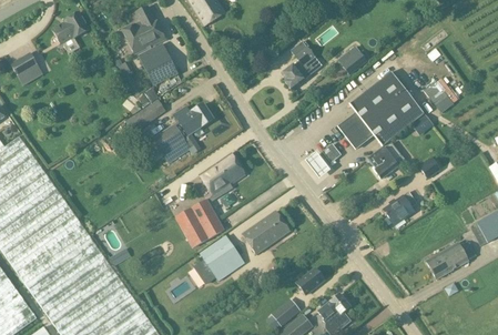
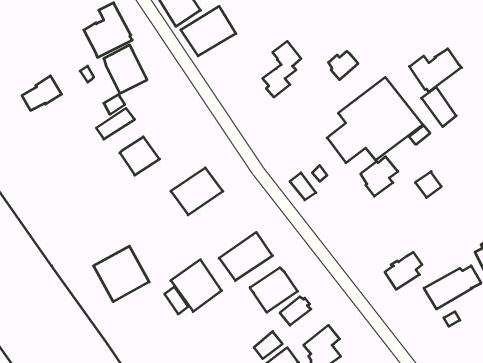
building: none -> [181,6,236,56]
building: [52,12,88,43] -> [22,76,62,110]
building: none -> [409,49,462,92]
building: [172,104,212,135] -> none
building: [383,192,416,225] -> [385,252,422,289]
building: [174,199,224,248] -> [93,246,149,302]
building: none -> [250,268,298,312]

